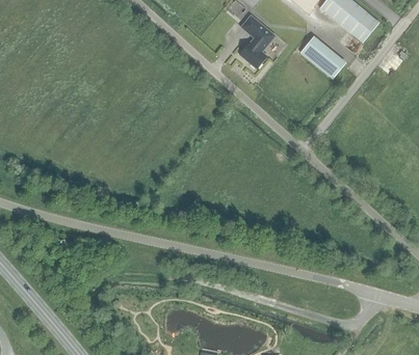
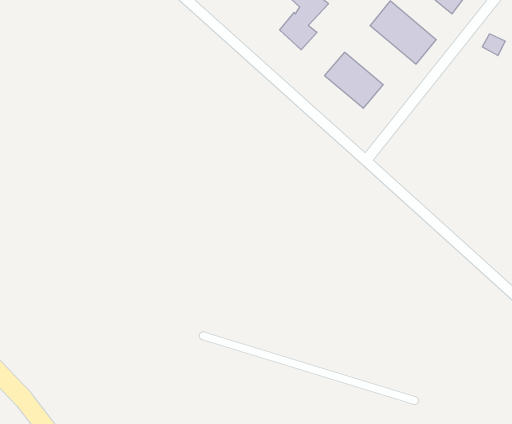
building: none -> [325,52,383,108]

